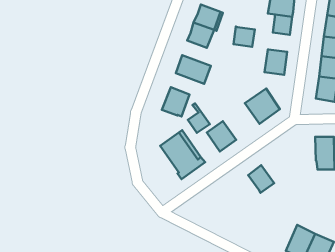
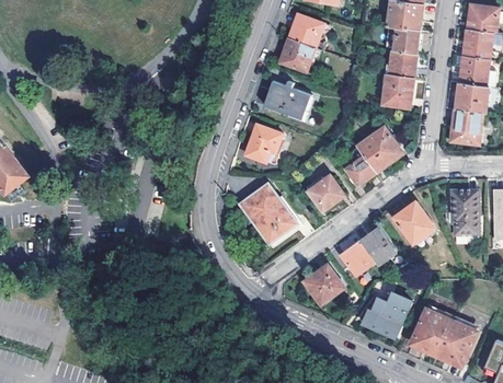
building: [234,26,255,47] -> [388,49,416,77]
building: [188,104,210,133] -> [346,146,376,185]
building: none -> [393,201,435,244]
building: none -> [340,242,375,276]
building: none -> [304,265,343,304]
building: none -> [366,293,411,337]

